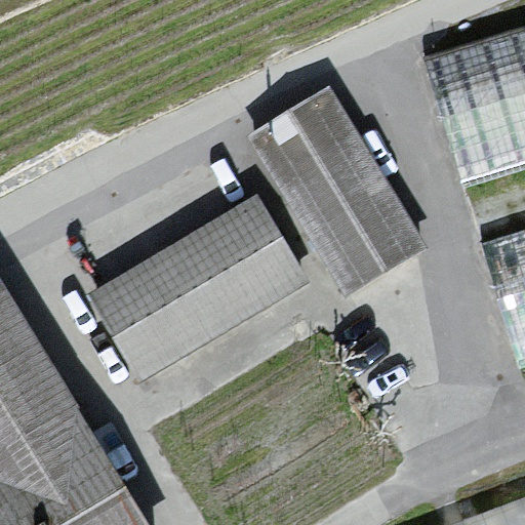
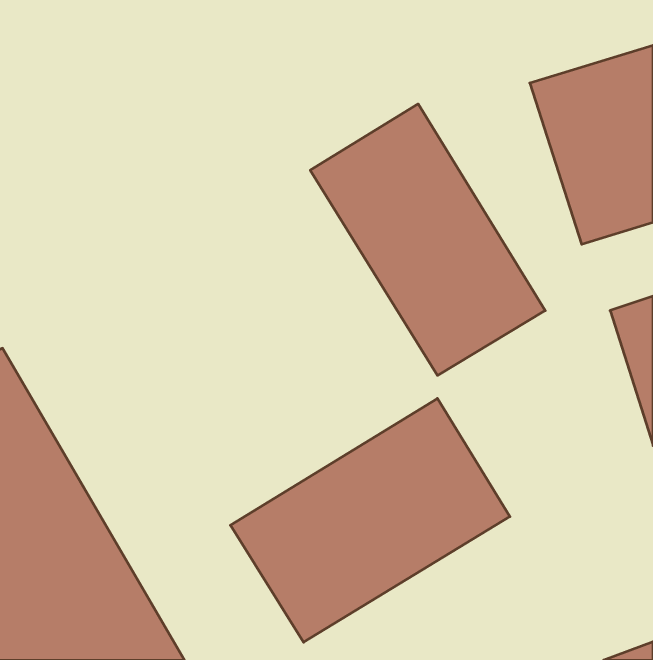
building: [91,194,310,383] -> none
building: none -> [230,398,510,642]

